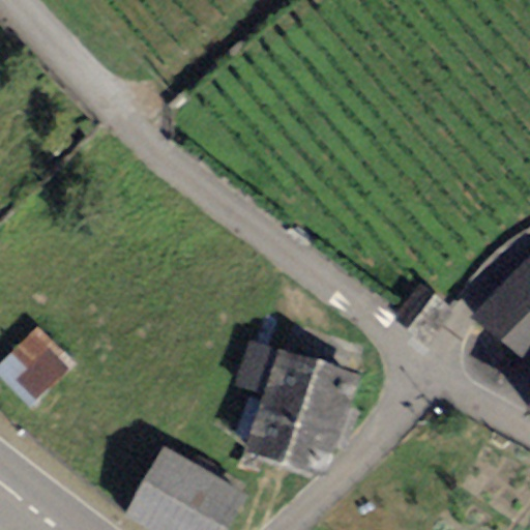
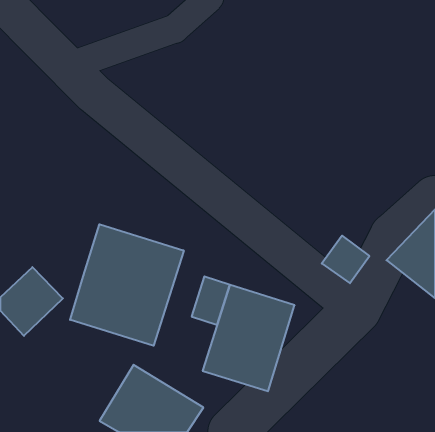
building: none -> [70,224,184,346]

